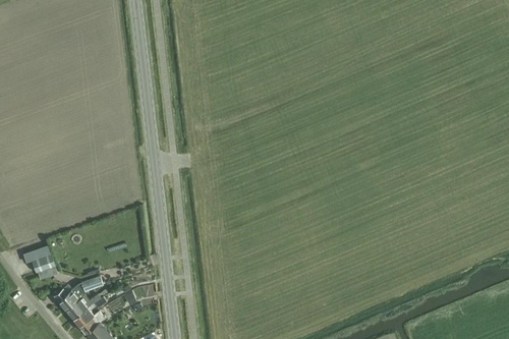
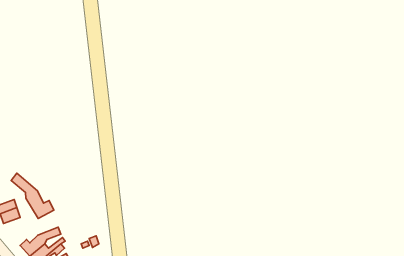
building: none -> [11,173,54,219]

